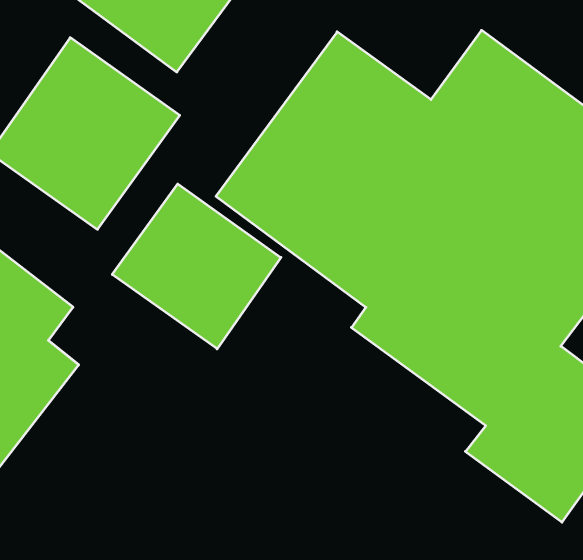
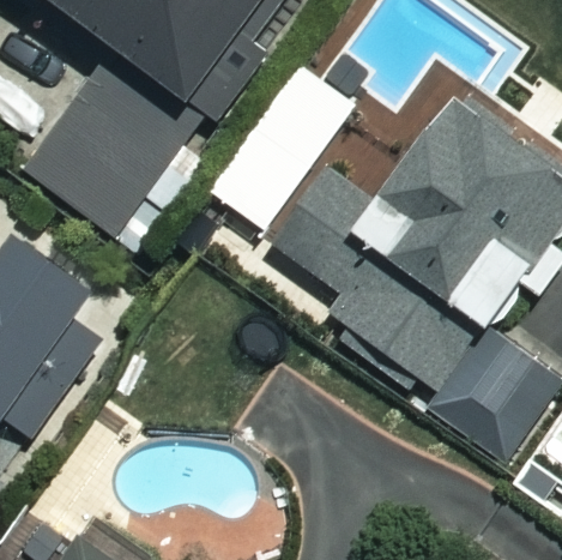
building: [112,184,281,349] -> none

